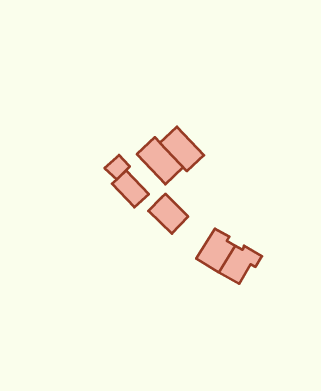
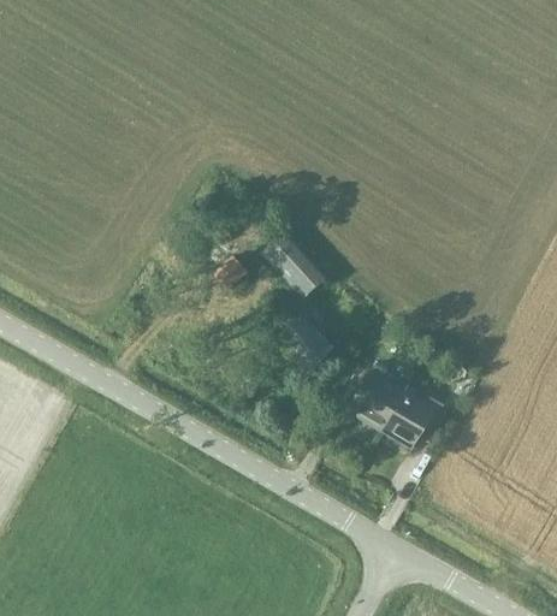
building: [160,127,204,171] -> none
building: [112,170,149,207] -> none

